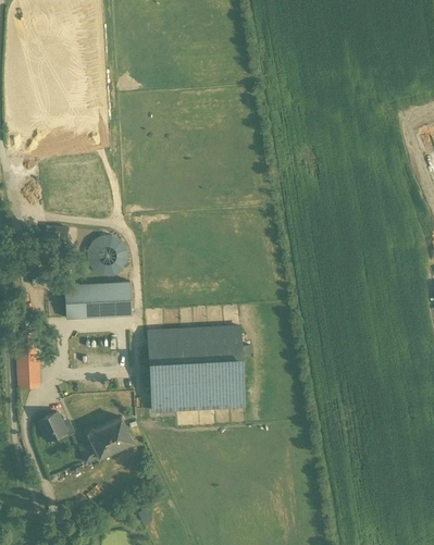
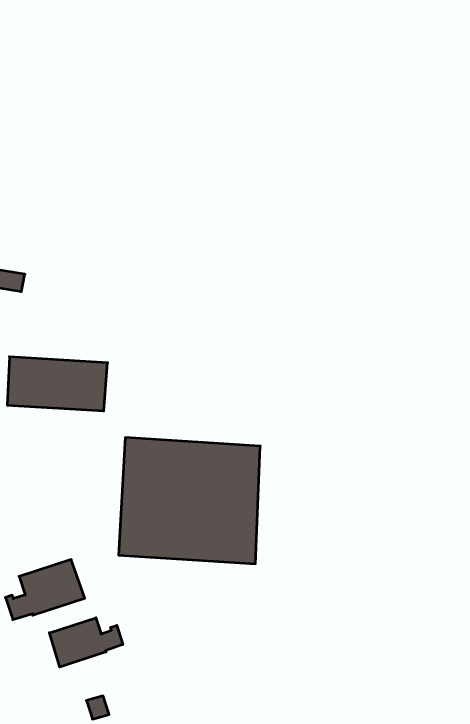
building: [88,236,127,275] -> none
building: none -> [49,618,123,667]

